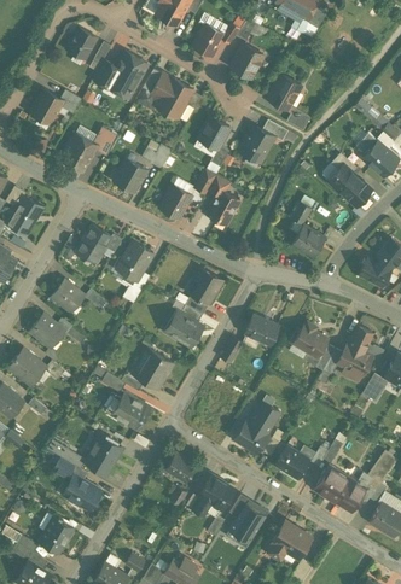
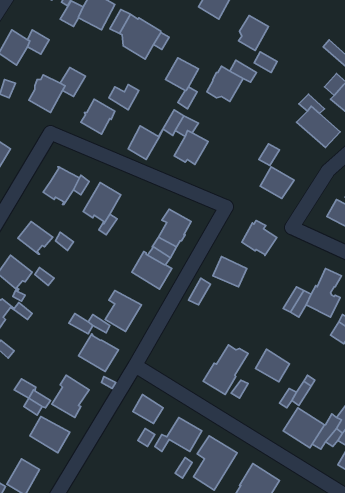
building: [292,322,327,357] -> [242,221,277,256]
building: [274,445,308,478] -> [256,349,290,382]

